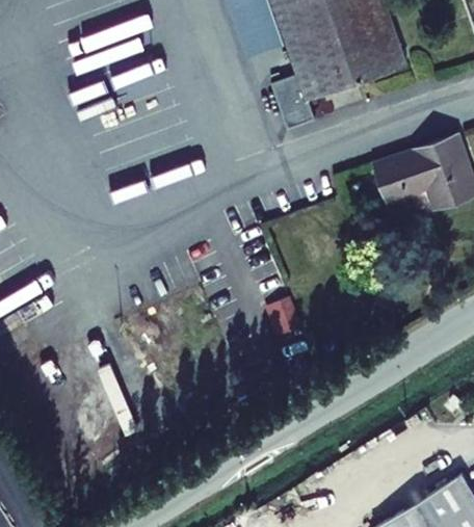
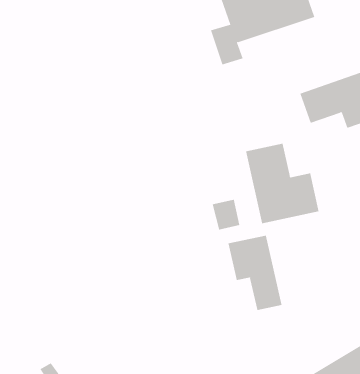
building: none -> [245,143,319,224]
building: none -> [228,235,282,311]

